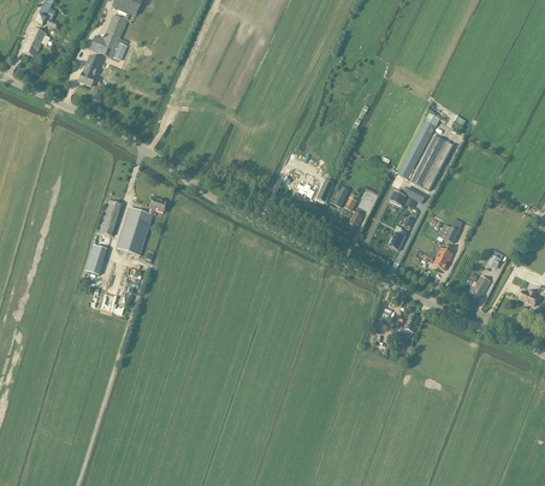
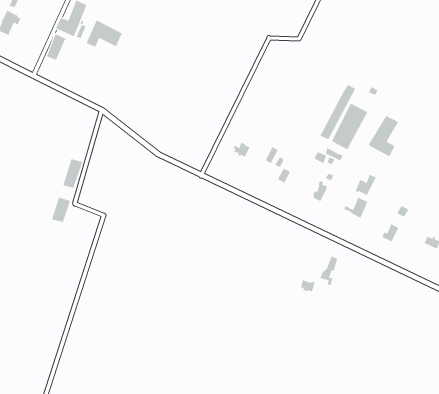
building: none -> [86,20,123,48]
building: none -> [368,115,399,157]
building: [117,197,166,255] -> none

